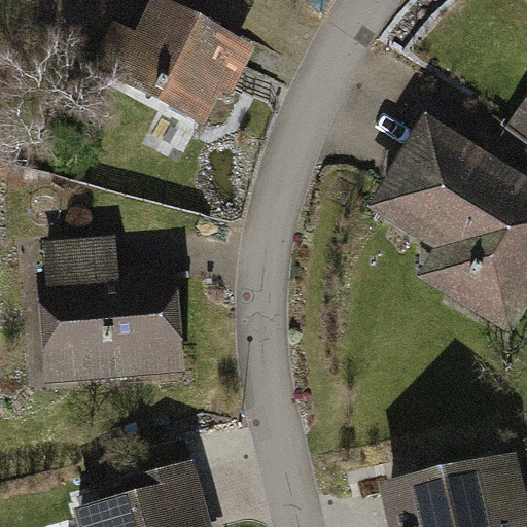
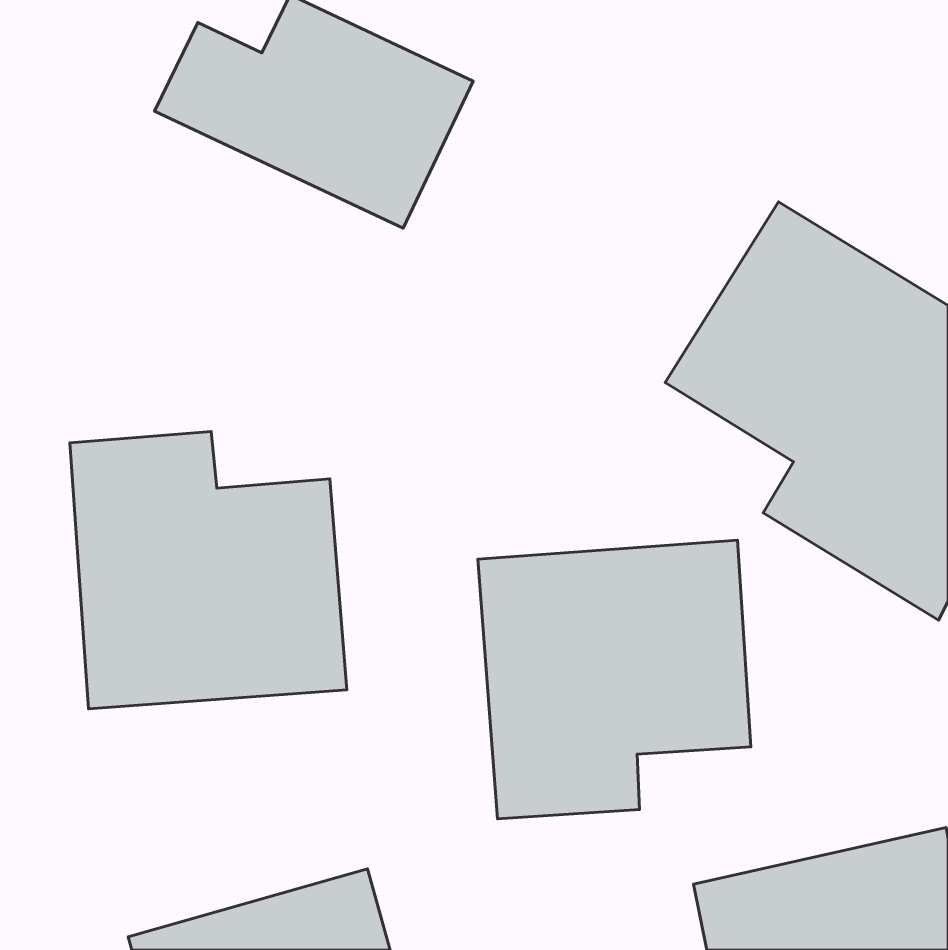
building: none -> [478,540,751,819]

